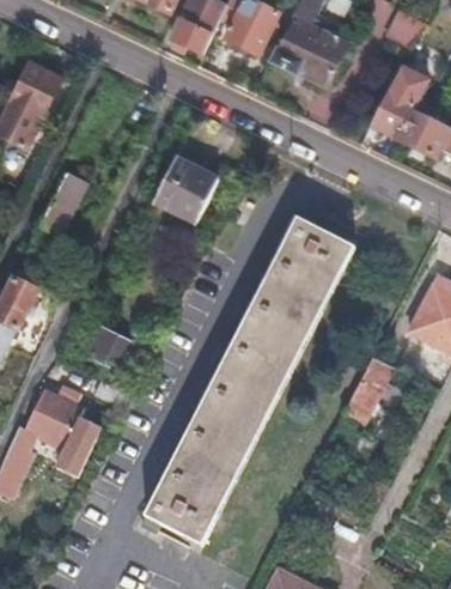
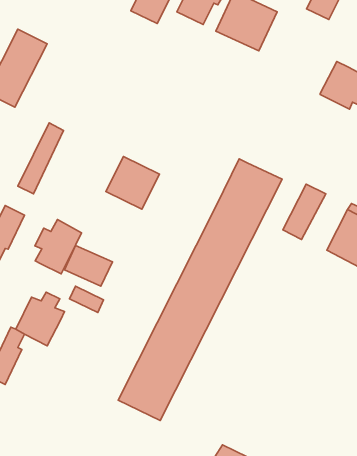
building: [370,65,428,139] -> none
building: [152,158,218,223] -> [106,156,159,209]
building: none -> [35,220,81,274]
building: [342,356,395,424] -> [283,184,326,240]
building: [55,417,100,478] -> none

